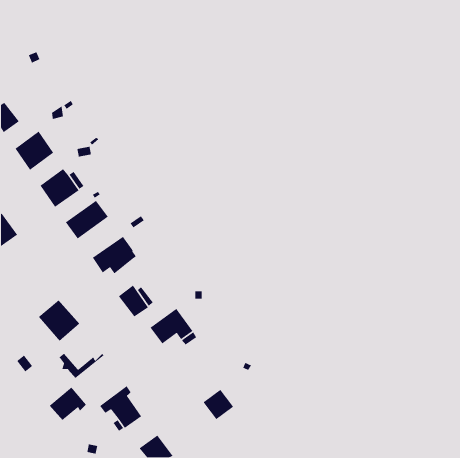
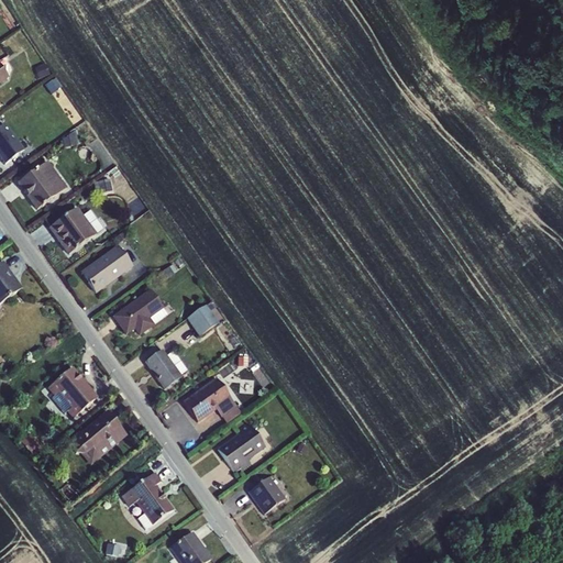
building: none -> [186,299,219,335]
building: none -> [217,422,265,473]
building: [49,387,87,421] -> [79,409,125,451]

